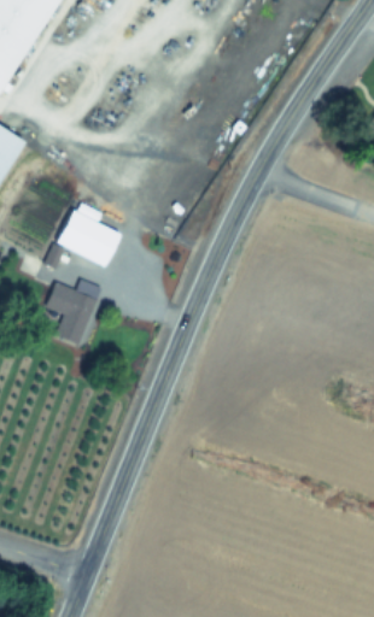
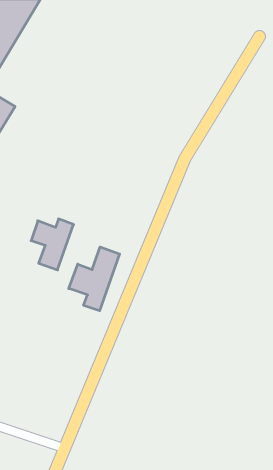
building: [57,210,122,268] -> none
building: none -> [69,247,120,311]

